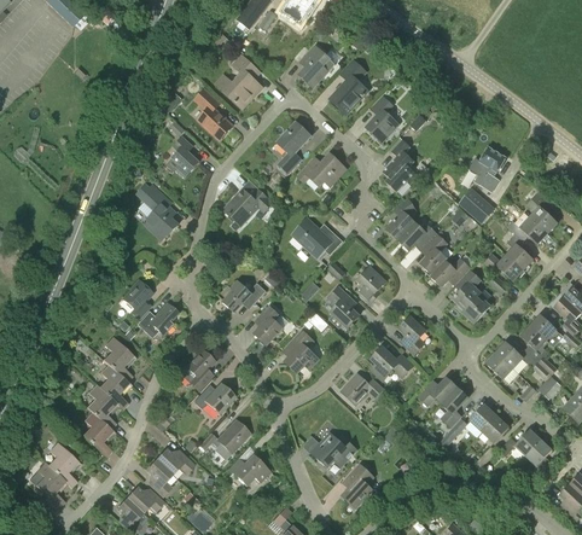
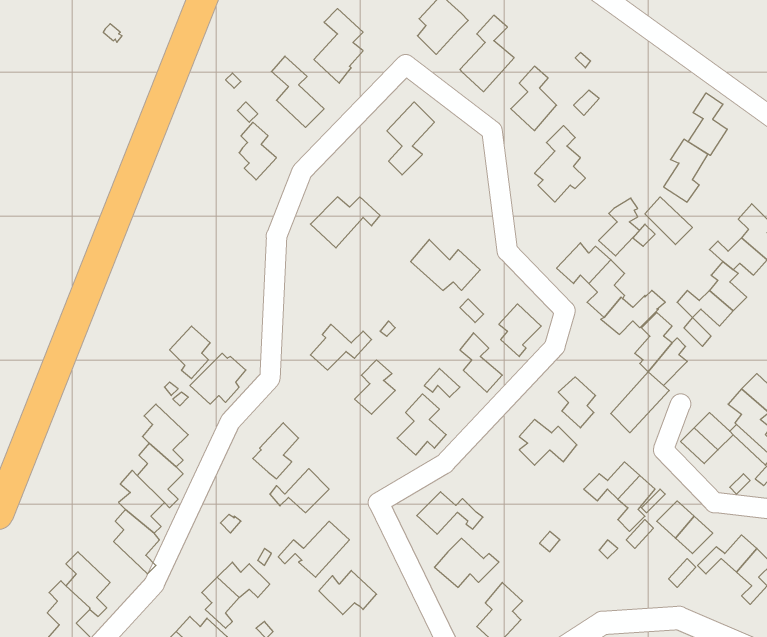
building: none -> [688,93,727,155]
building: [297,152,347,185] -> none
building: [136,182,177,238] -> none
building: [385,198,414,239] -> [599,198,639,256]
building: none -> [611,372,669,433]
building: [341,373,388,403] -> [417,492,483,534]

